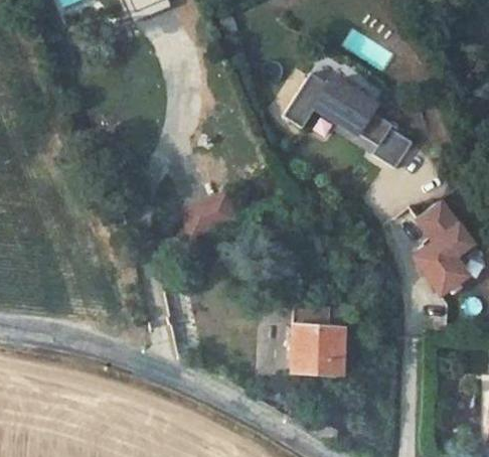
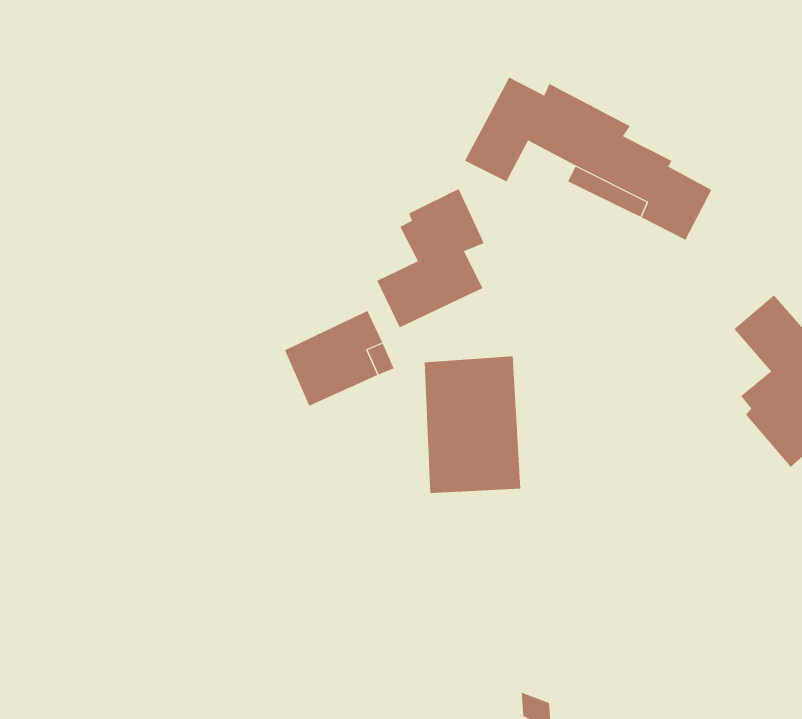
building: none -> [376,188,485,328]
building: [291,324,341,396] -> [424,356,521,493]

